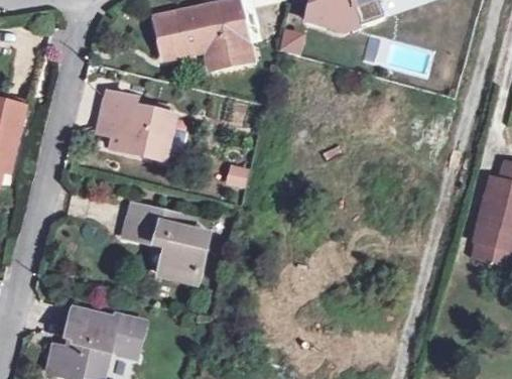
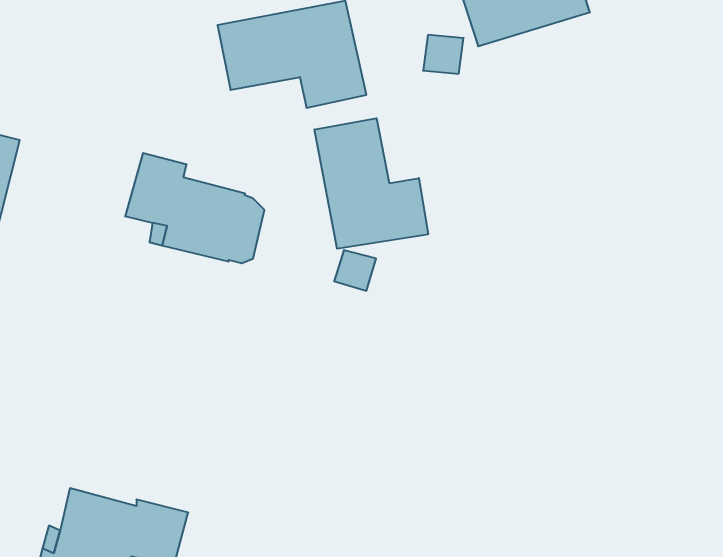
building: none -> [314,118,428,249]
building: [121,208,206,283] -> none

